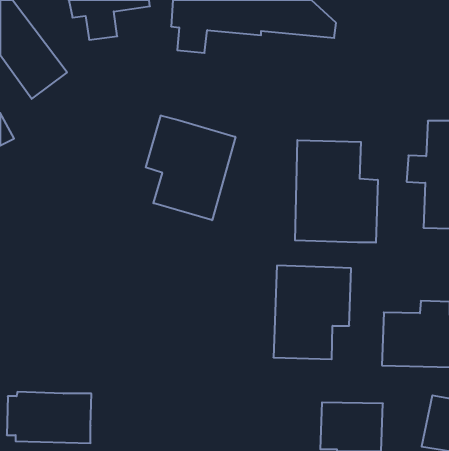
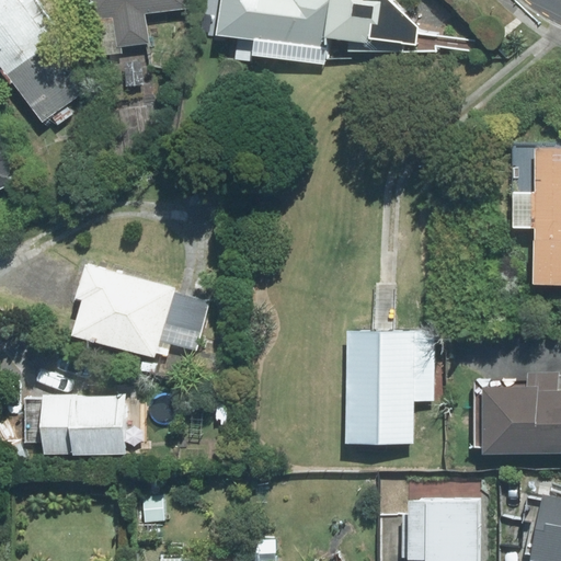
building: [146,115,235,220] -> none
building: [295,140,378,243] -> none
building: none -> [69,261,211,355]
building: [7,392,91,443] -> [23,394,128,458]

